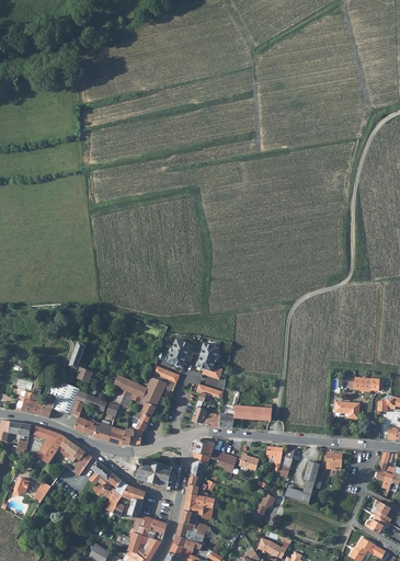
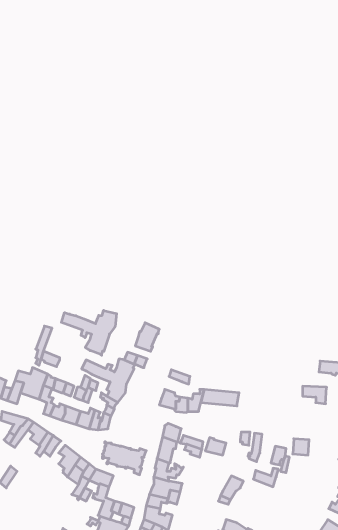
building: none -> [61,310,117,355]
building: [196,343,222,379] -> none

